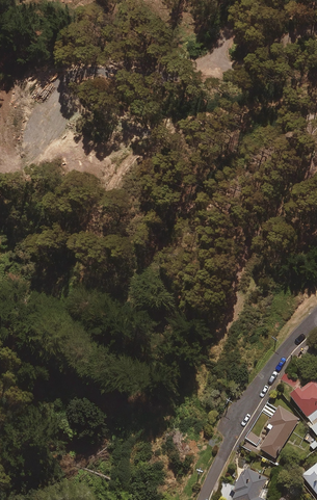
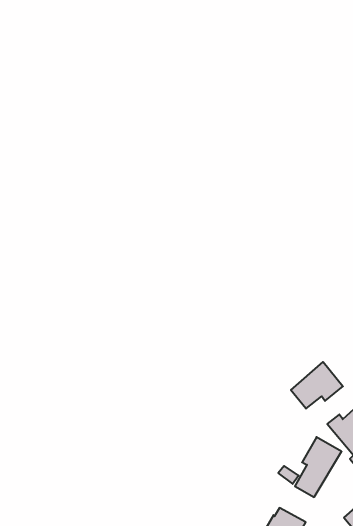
building: none -> [291,362,343,409]

